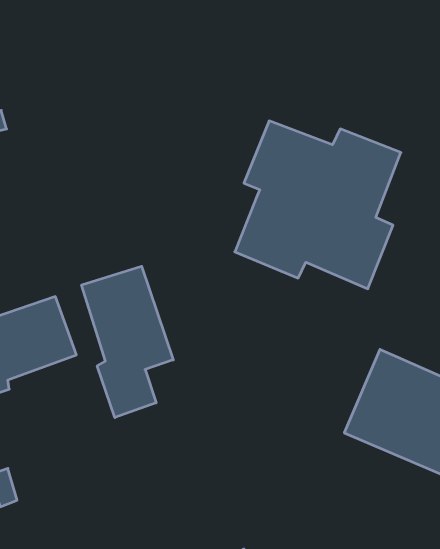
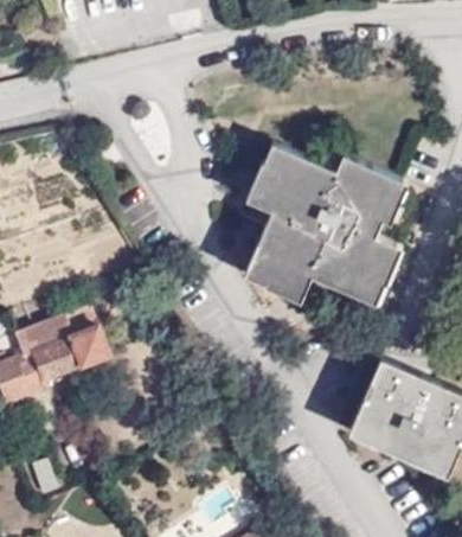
building: [82,266,173,418] -> none

